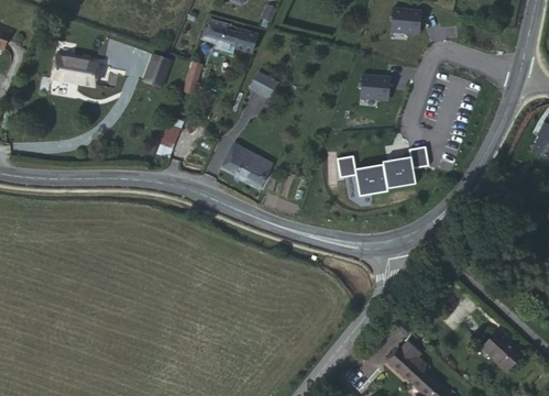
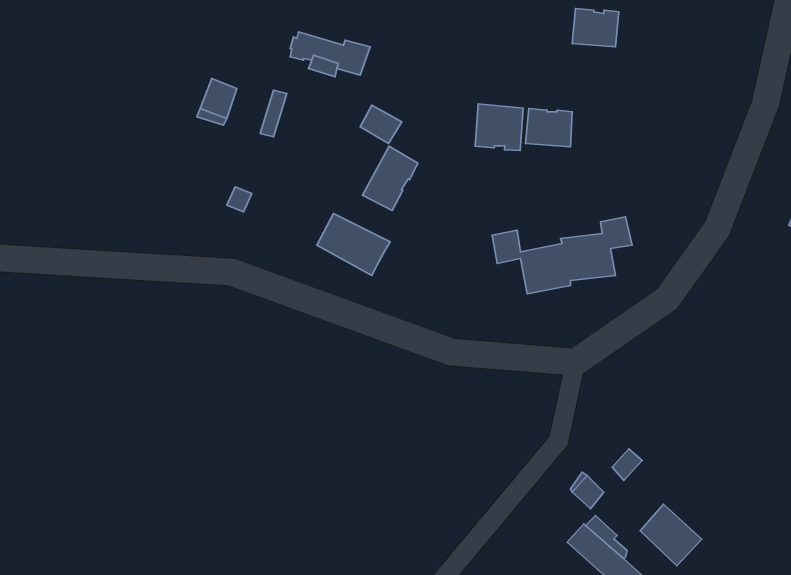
building: [52,56,98,84] -> none
building: none -> [475,104,523,151]
building: none -> [362,146,418,210]
building: [482,330,523,371] -> [640,504,702,566]

